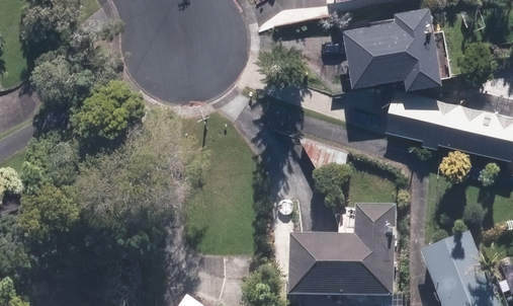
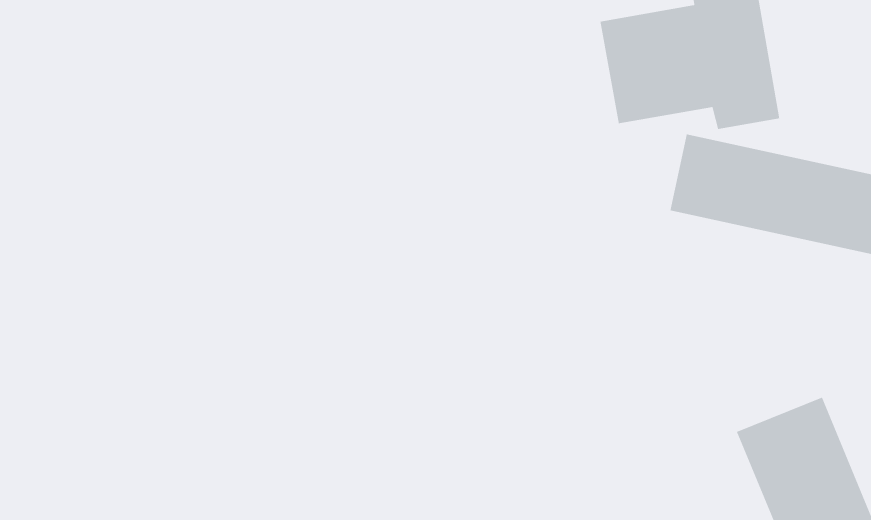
building: [287,203,394,295] -> none

